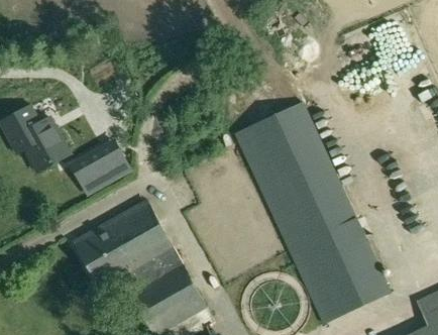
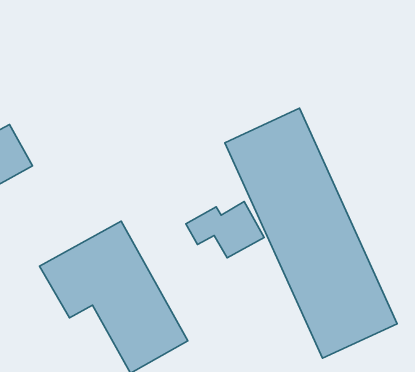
building: [75,148,128,193] -> none
building: none -> [186,202,264,258]

